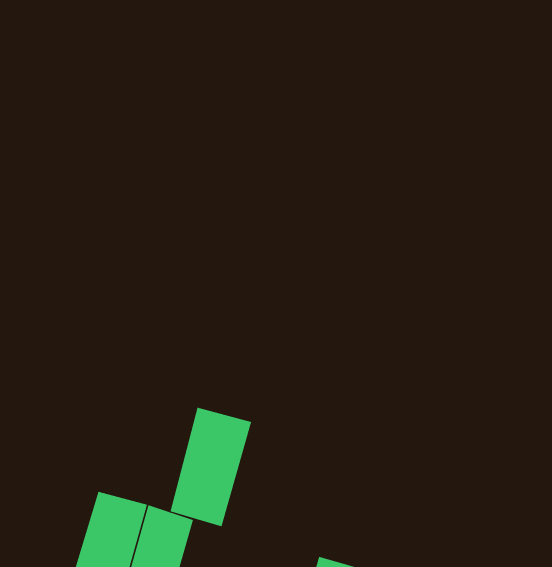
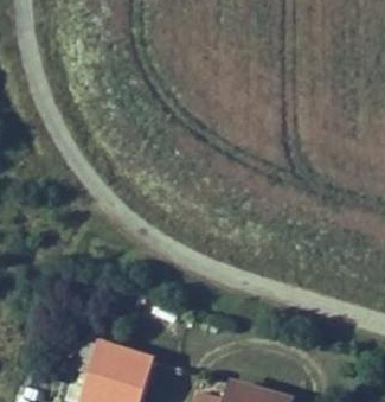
building: [170,407,252,527] -> none

